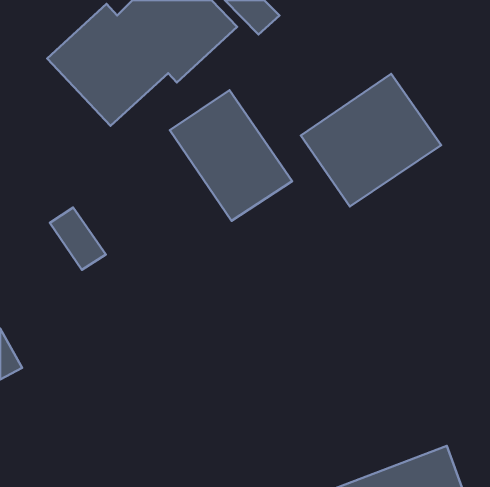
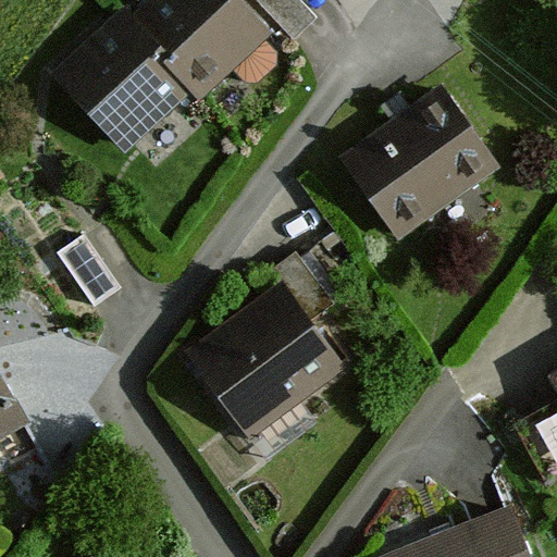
building: [170,90,292,221] -> none
building: none -> [187,283,345,437]

